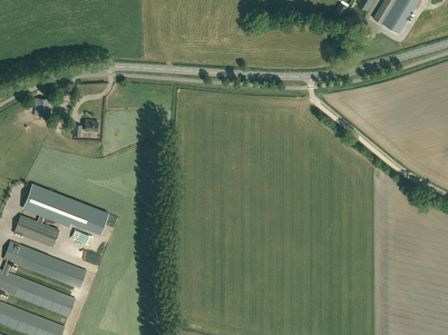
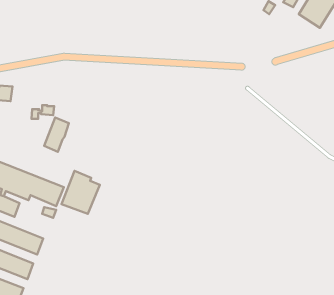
building: none -> [44,117,69,152]
building: none -> [61,171,100,214]

